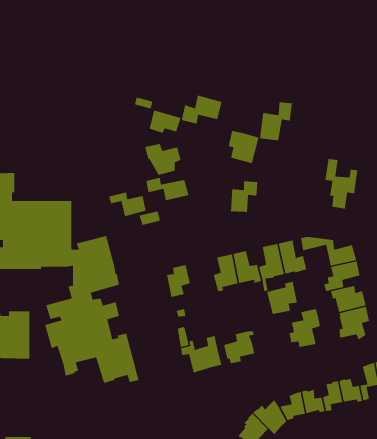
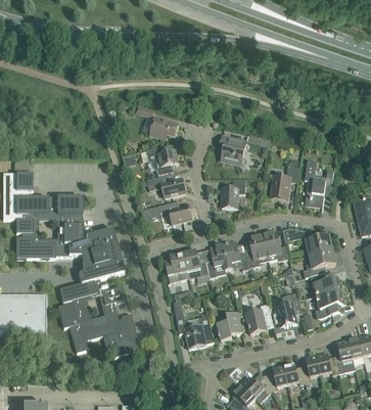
building: [181,95,223,125] -> none
building: [259,102,293,141] -> [270,166,299,200]
building: [108,192,147,217] -> [157,202,191,225]
building: none -> [182,250,210,282]
building: [266,281,298,315] -> [244,305,272,334]

